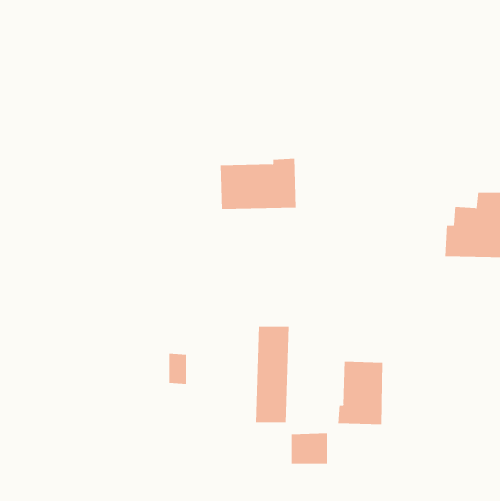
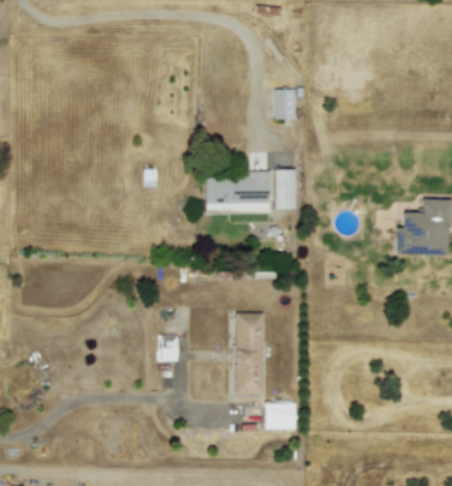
building: none -> [274,89,295,119]
building: none -> [275,169,295,209]
building: [338,361,383,425] -> none

